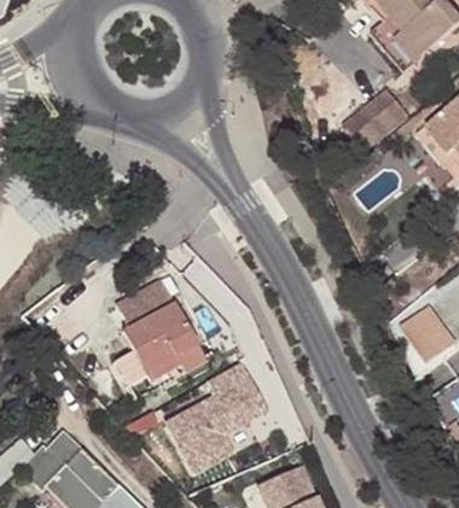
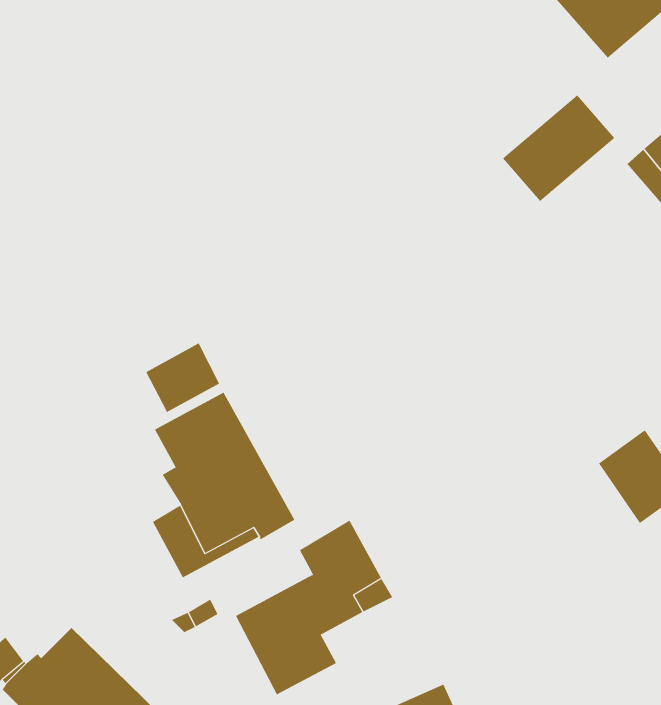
building: none -> [145,343,220,413]

